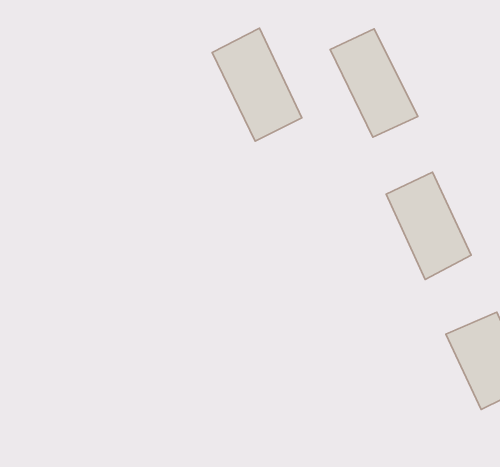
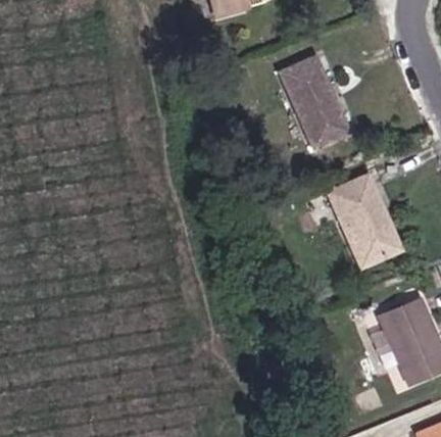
building: [212,28,302,141] -> none

